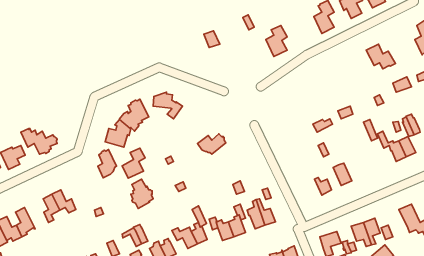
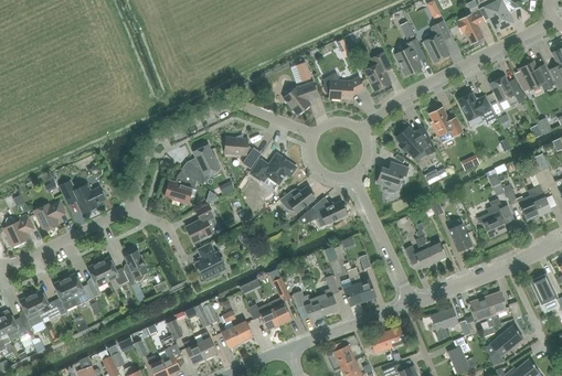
building: none -> [394,39,425,76]
building: none -> [515,62,553,92]
building: none -> [322,73,364,100]
building: none -> [283,83,318,115]
building: none -> [457,92,497,125]
building: none -> [428,108,463,143]
building: none -> [395,127,435,158]
building: none -> [251,155,295,184]
building: none -> [377,162,409,191]
building: none -> [298,197,347,224]
building: none -> [478,198,513,237]
building: [98,149,117,178] -> [124,250,147,286]
building: none -> [405,236,434,269]
building: none -> [64,273,94,305]

